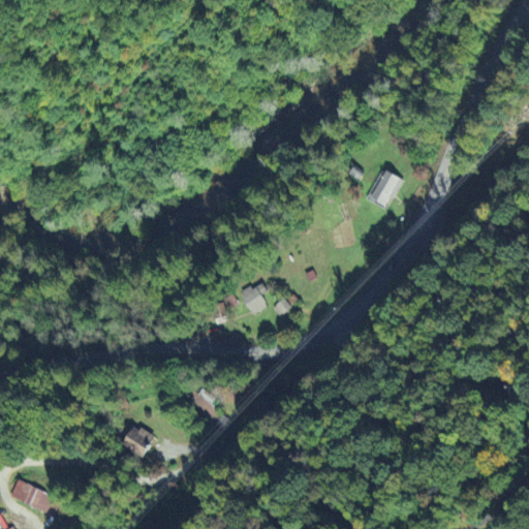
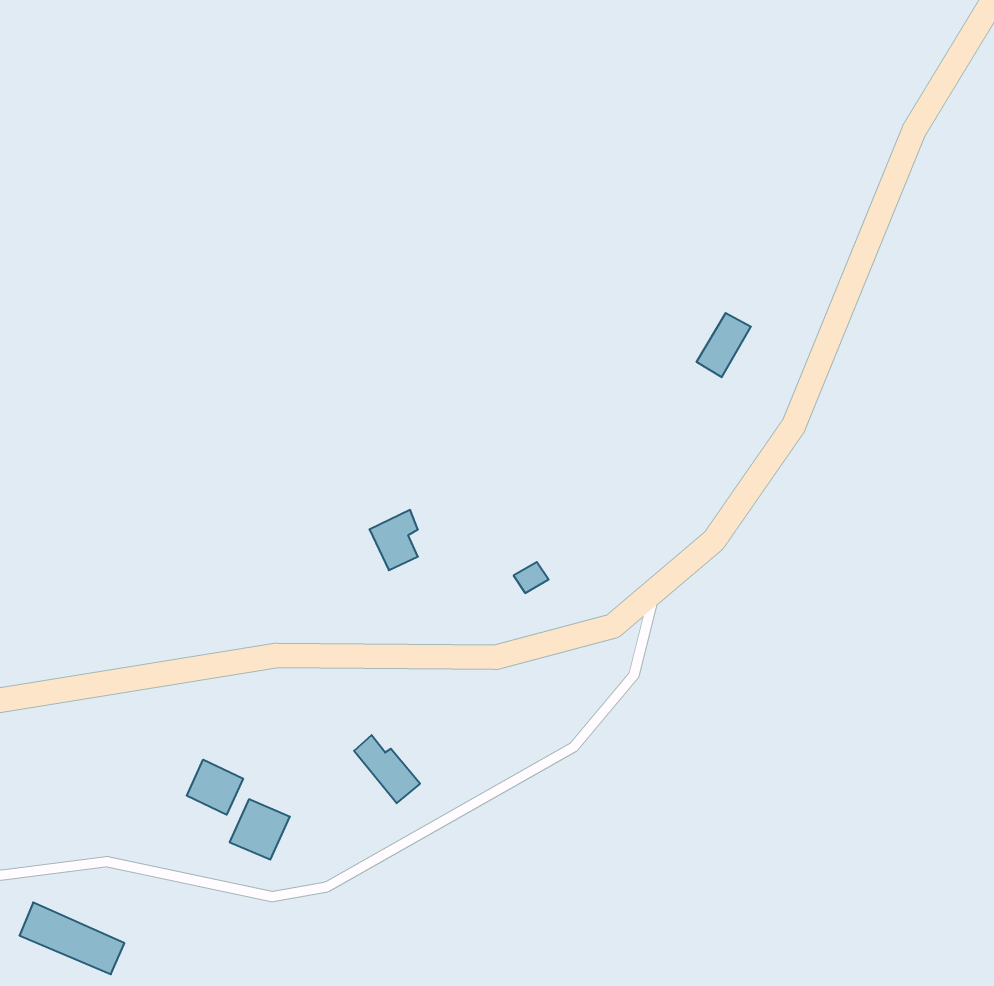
building: [242,281,268,313] -> [369,510,418,570]
building: none -> [187,760,243,815]

